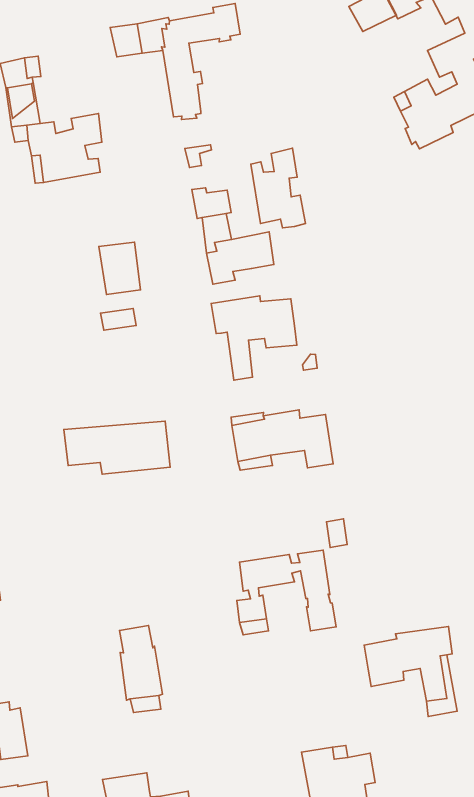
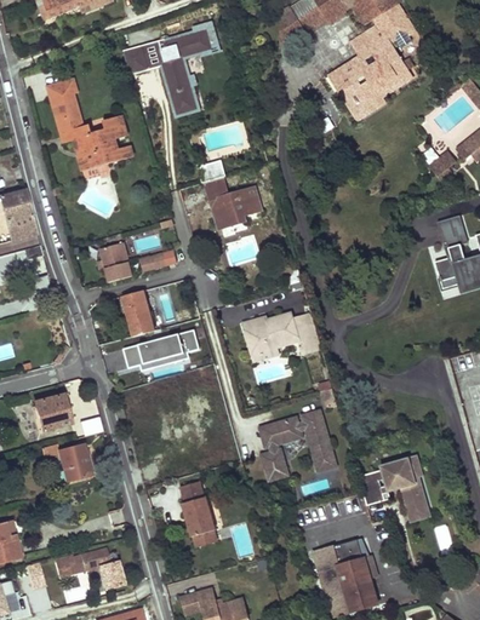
building: [251,148,306,228] -> none
building: [99,242,141,294] -> [98,242,132,282]
building: [211,296,297,380] -> none
building: none -> [121,291,154,337]

